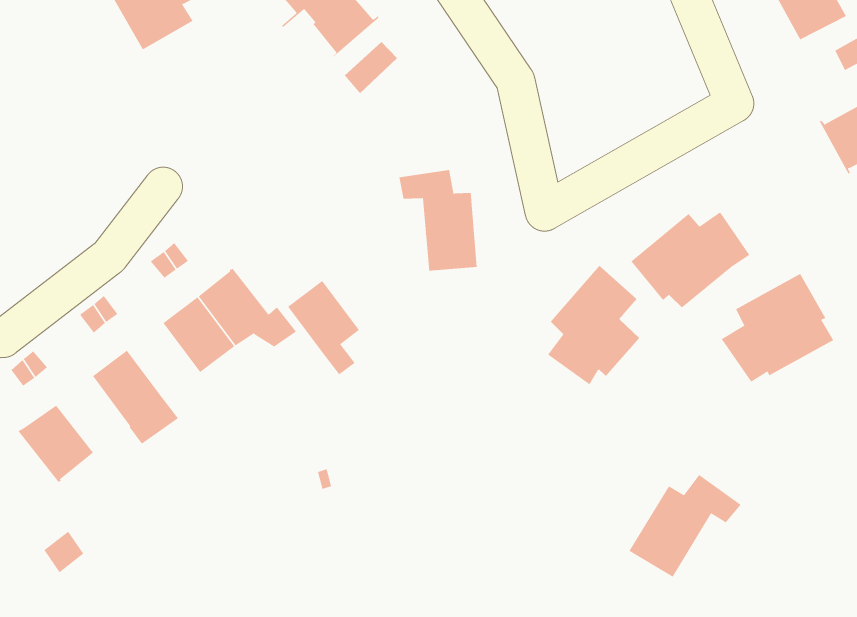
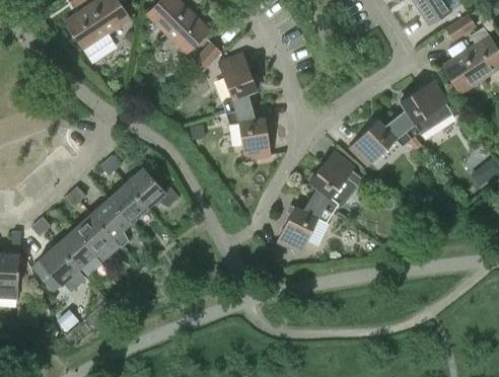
building: none -> [218,53,257,112]
building: [721,273,834,383] -> [394,80,452,139]
building: [287,280,360,375] -> [91,198,130,246]
building: none -> [57,228,95,268]
building: [628,474,741,578] -> [276,199,333,253]

